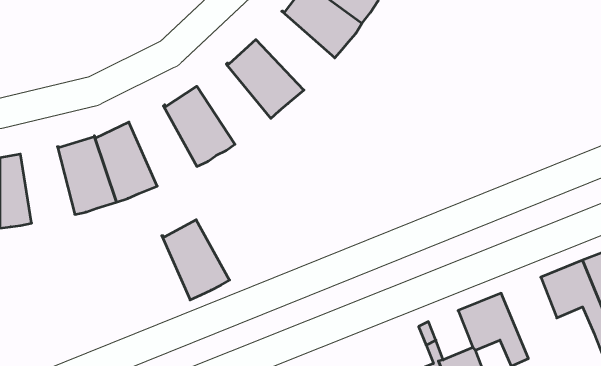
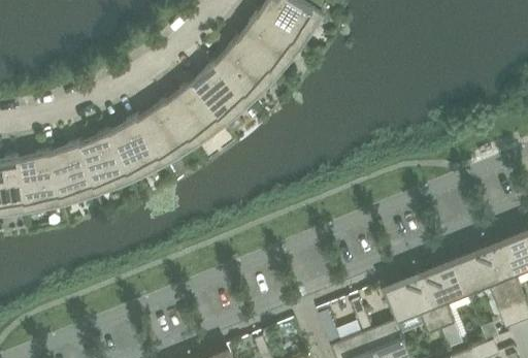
building: none -> [214,37,280,103]
building: none -> [165,82,227,149]
building: none -> [18,151,63,215]
building: [162,220,230,300] -> [108,117,165,184]
building: none -> [420,260,466,328]

